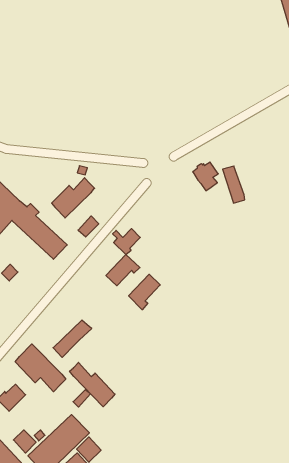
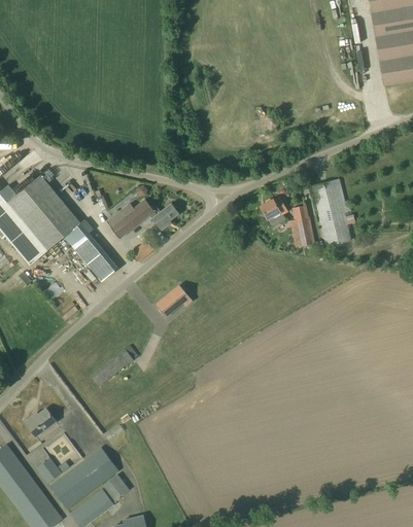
building: none -> [311,180,351,246]
building: [113,229,140,255] -> [150,203,179,230]
building: [129,274,160,310] -> none
building: [15,344,66,392] -> none
building: [70,362,115,407] -> none

